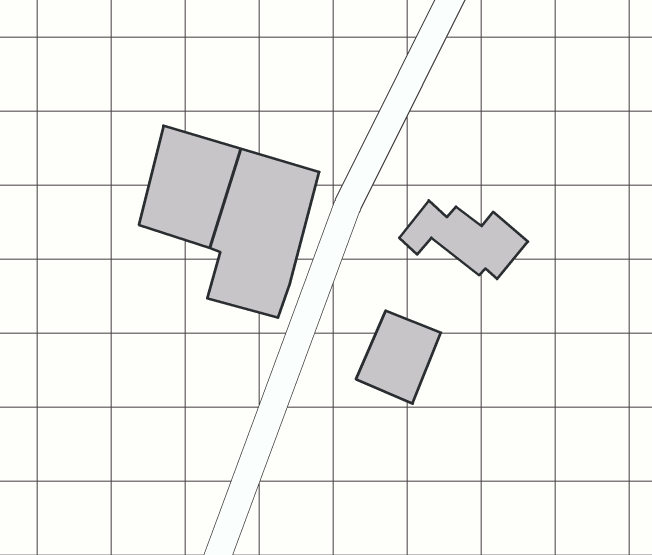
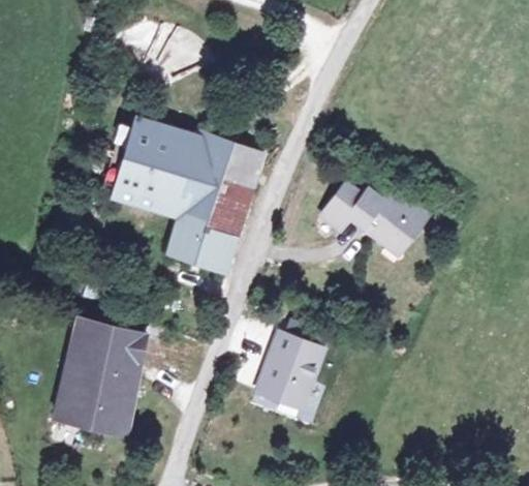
building: [356,311,441,404] -> [255,330,323,404]
building: none -> [53,326,166,429]

